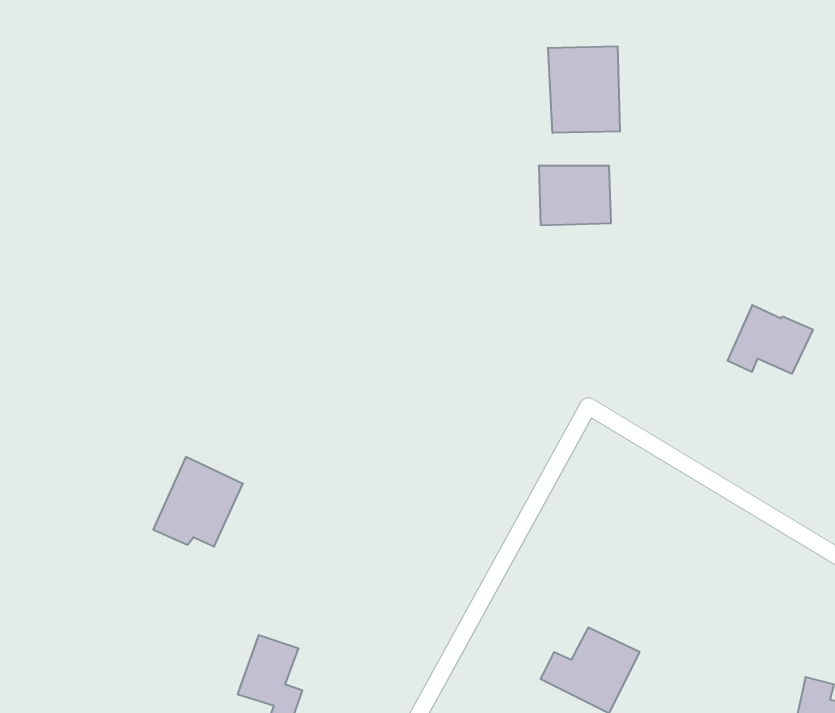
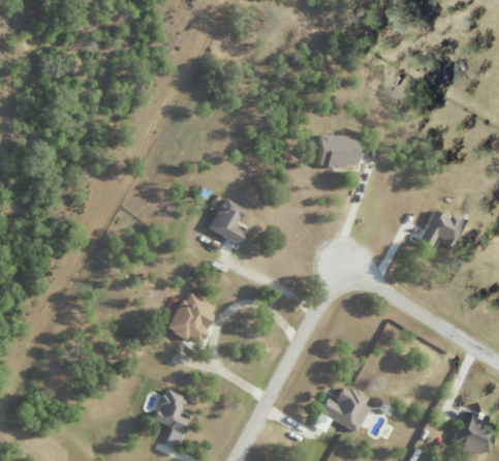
building: [548,46,620,133] -> none
building: none -> [208,198,245,245]
building: [153,457,243,547] -> [167,293,216,341]

